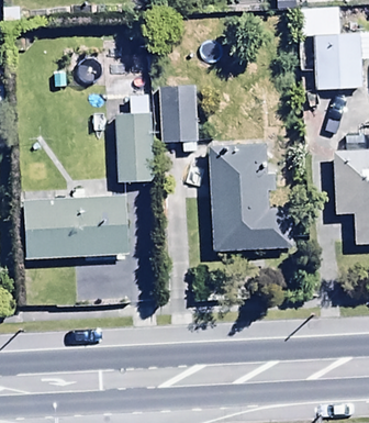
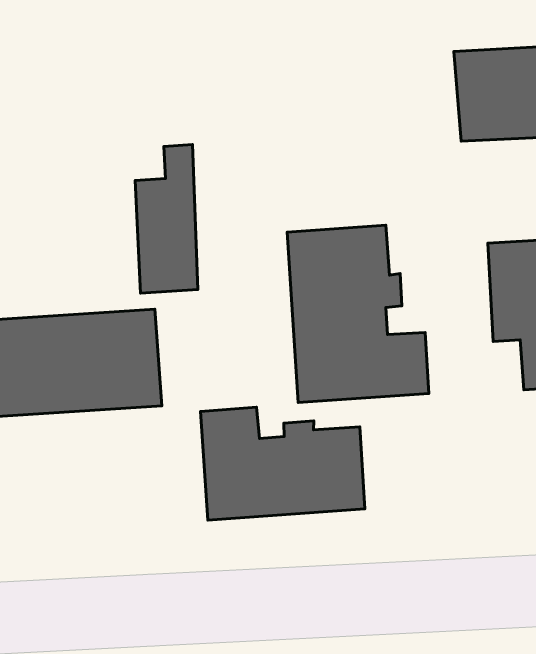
building: [160,86,198,142] -> none
building: none -> [200,407,365,520]

